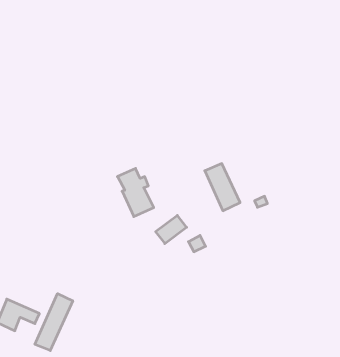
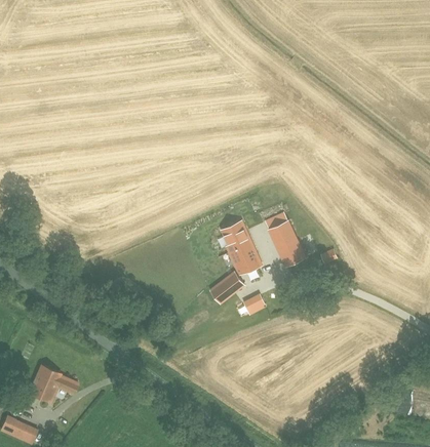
building: [117,168,154,217] -> [221,219,262,274]
building: [35,294,73,351] -> none

